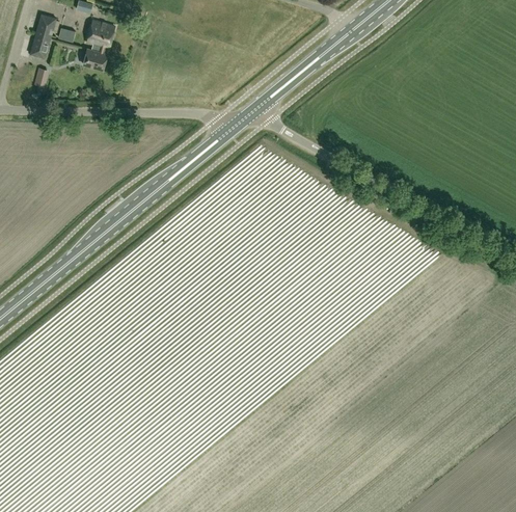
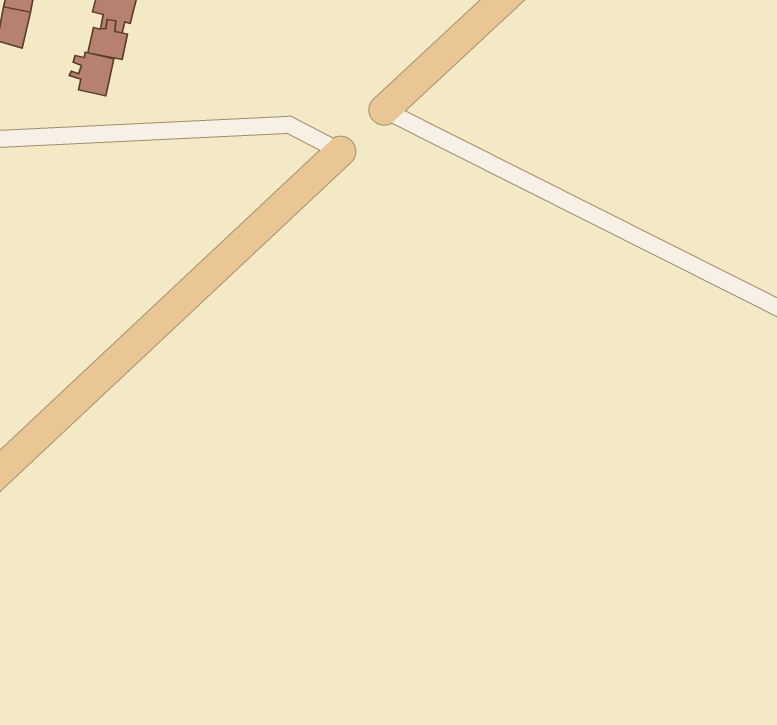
building: none -> [69,52,114,96]

